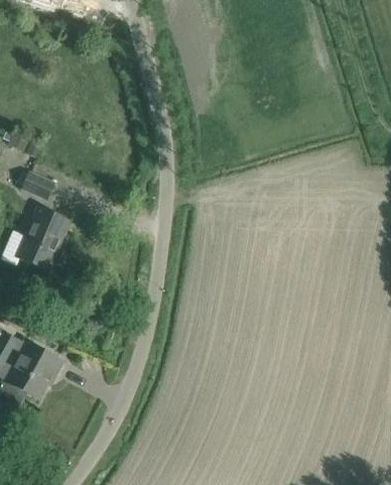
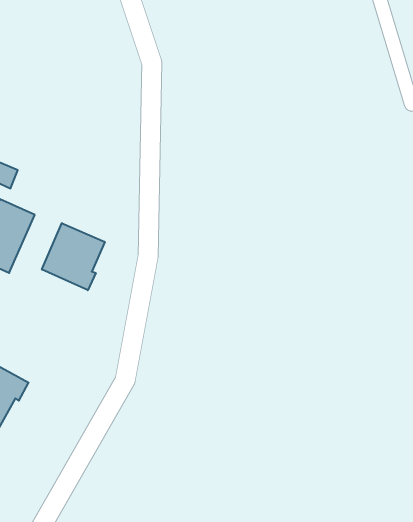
building: none -> [42,223,105,290]

